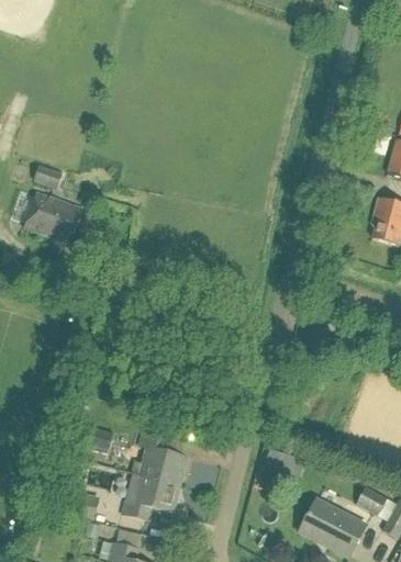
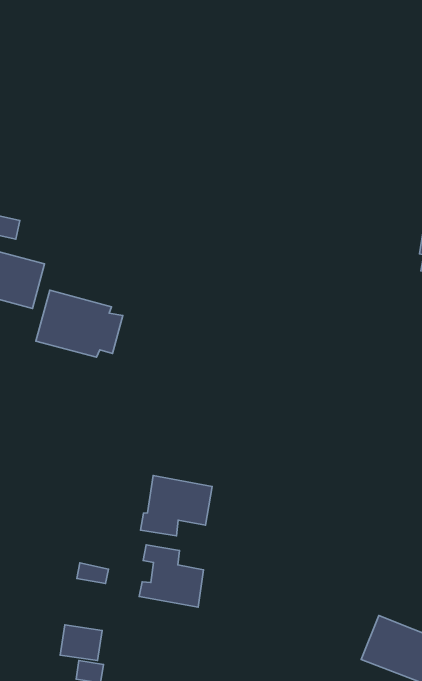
building: none -> [36,290,123,357]
building: [119,471,177,519] -> [141,475,212,536]

